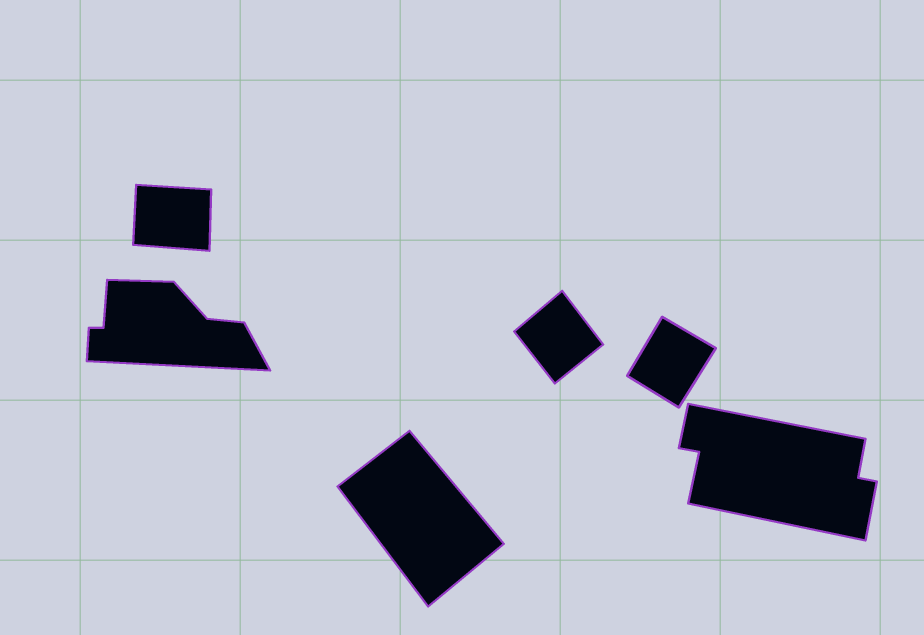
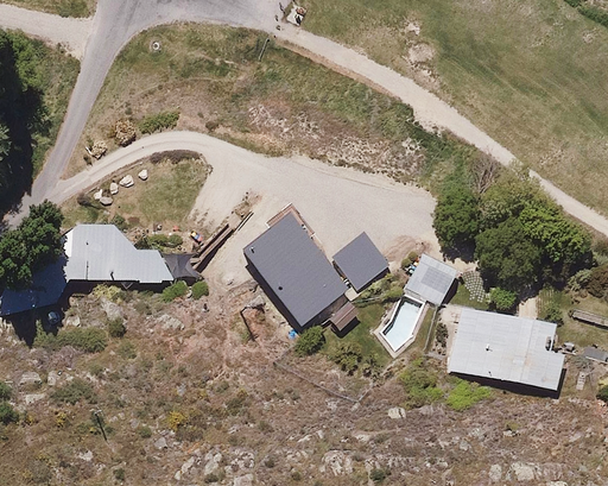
building: [133,185,211,251] -> none
building: [338,431,504,607] -> [243,214,350,327]

